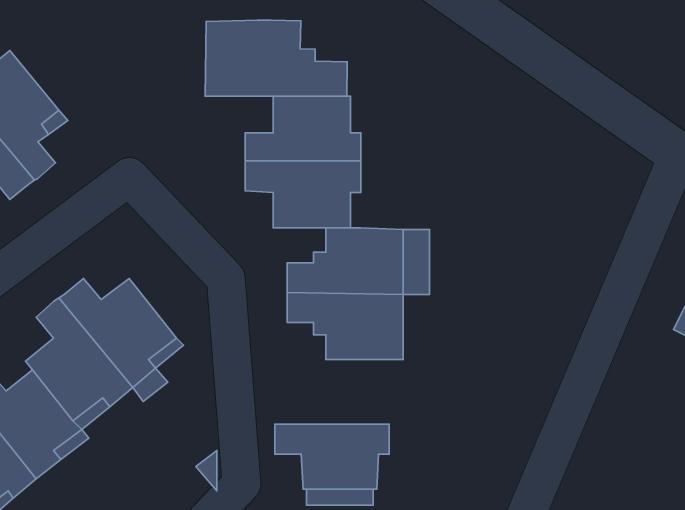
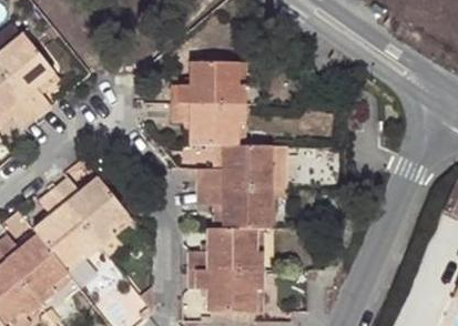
building: [205,20,347,96] -> none
building: none -> [189,230,262,271]

